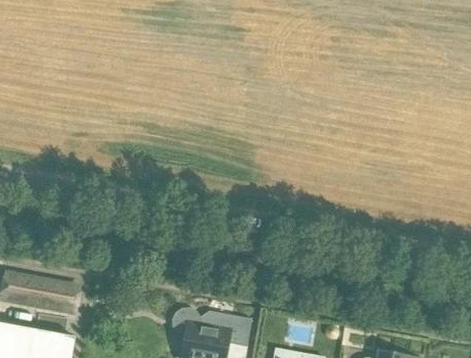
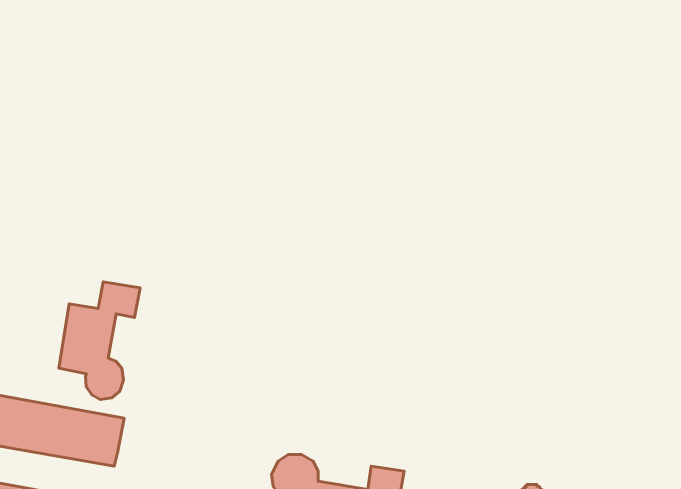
building: none -> [59,282,140,400]

